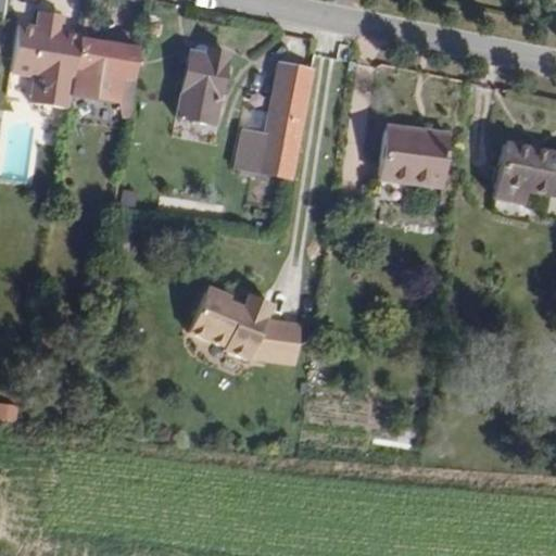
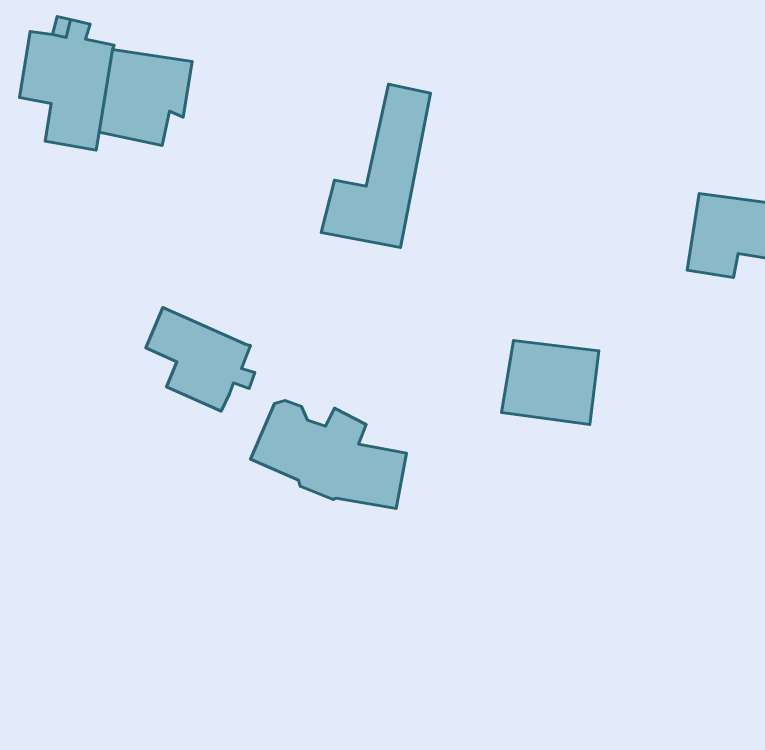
building: [176,49,227,122] -> none
building: [378,125,448,186] -> [501,340,599,424]
building: none -> [146,308,255,411]

